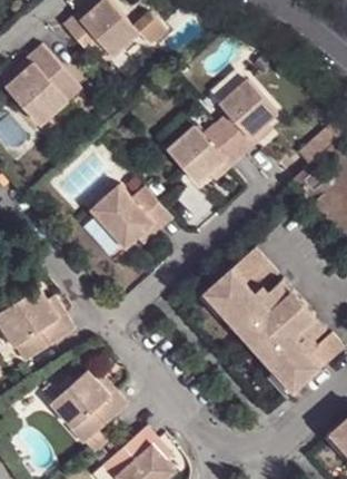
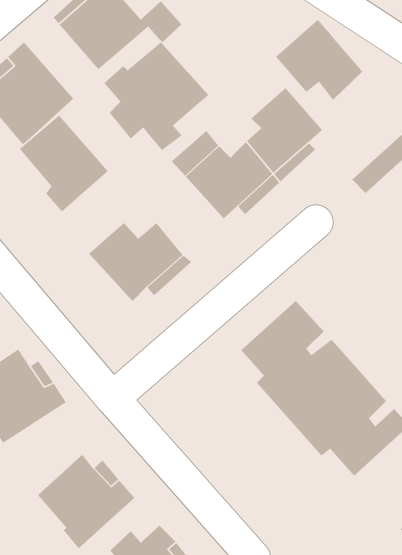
building: none -> [275,19,363,101]
building: none -> [104,42,209,151]
building: none -> [19,115,109,212]

